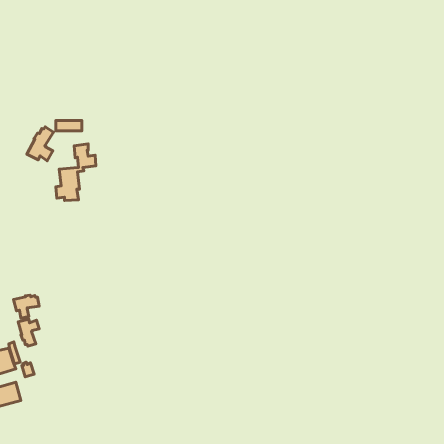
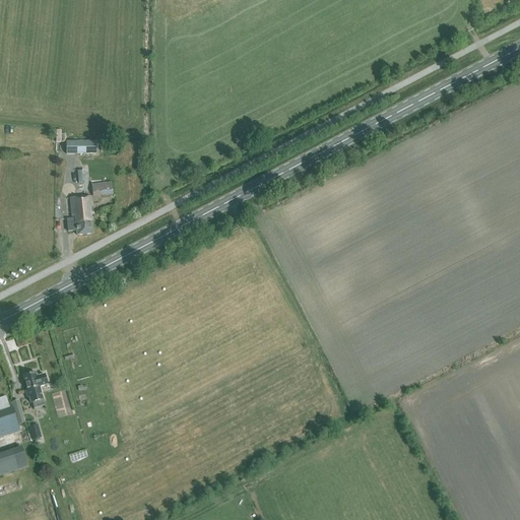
building: [27,127,53,161] -> none
building: [13,295,39,318] -> none

